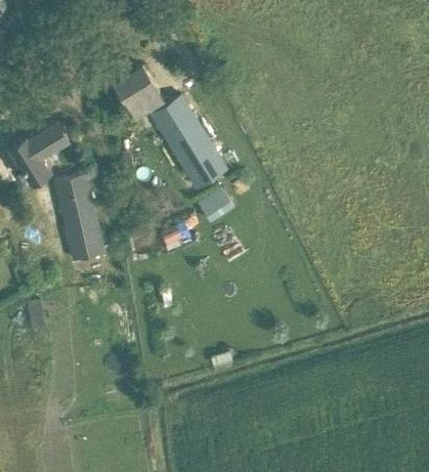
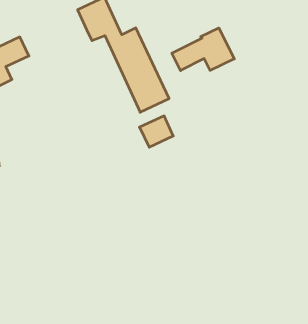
building: none -> [172,28,234,71]
building: [56,175,104,261] -> none

